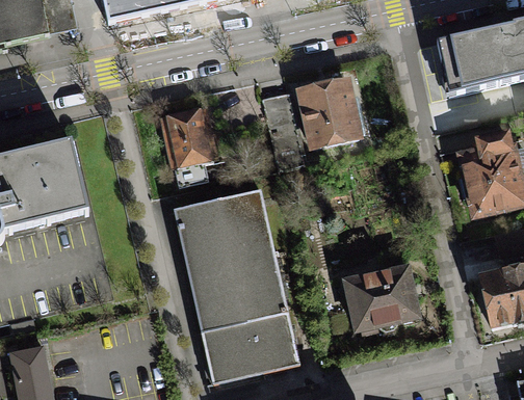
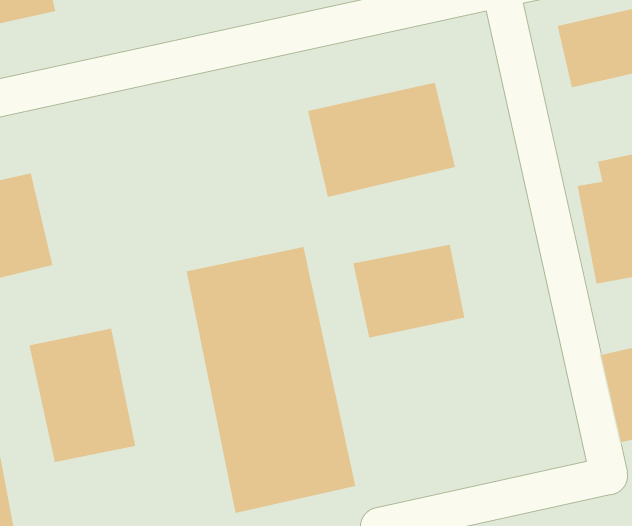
building: [160,104,216,167] -> none
building: none -> [29,328,136,463]
building: [343,263,424,330] -> [353,244,465,338]

